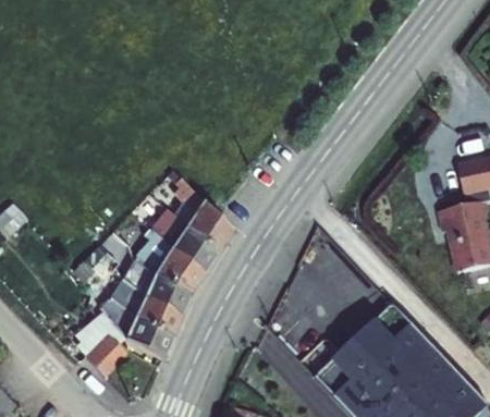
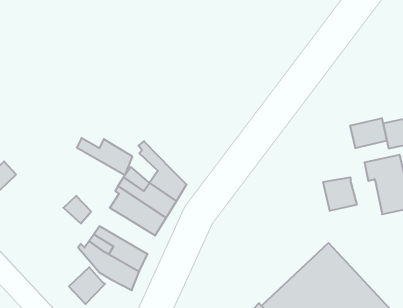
building: none -> [350,118,387,148]
building: none -> [323,177,357,211]
building: [124,271,189,315] -> [77,138,132,175]

